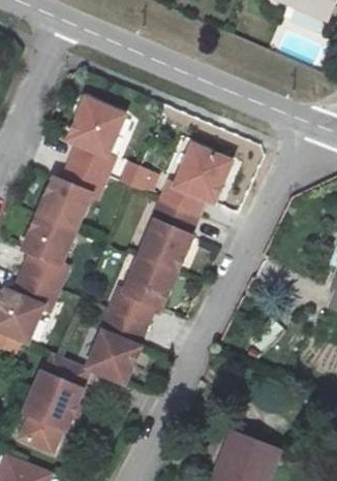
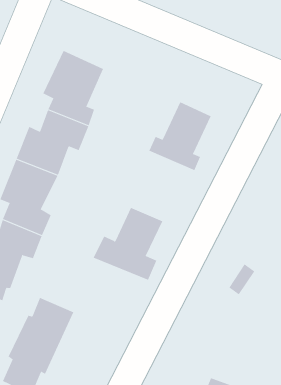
building: [117,160,159,194] -> none
building: [150,200,217,274] -> none
building: [97,312,168,387] -> none

